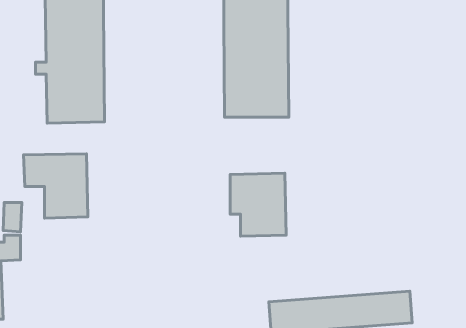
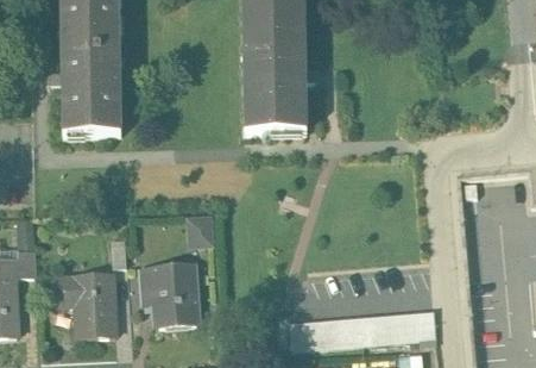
building: [24,154,88,218] -> [56,275,121,341]
building: [230,173,286,236] -> [146,264,203,329]
building: none -> [185,213,213,247]

